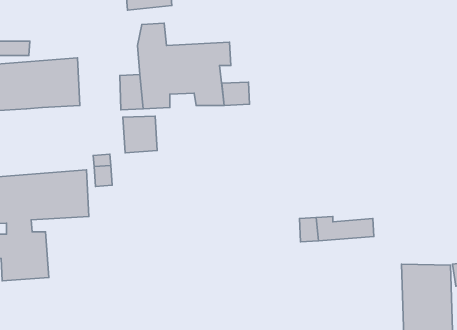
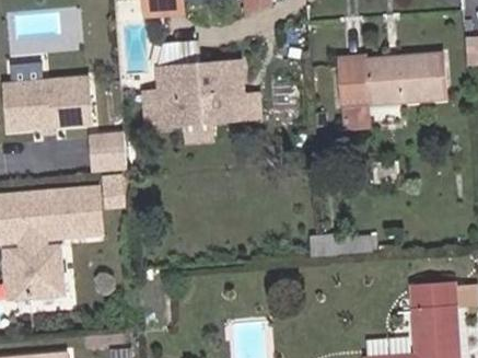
building: none -> [339,54,445,135]
building: [123,116,157,153] -> [91,134,125,170]

